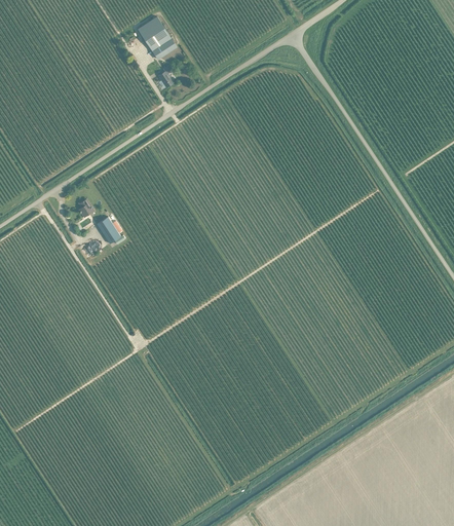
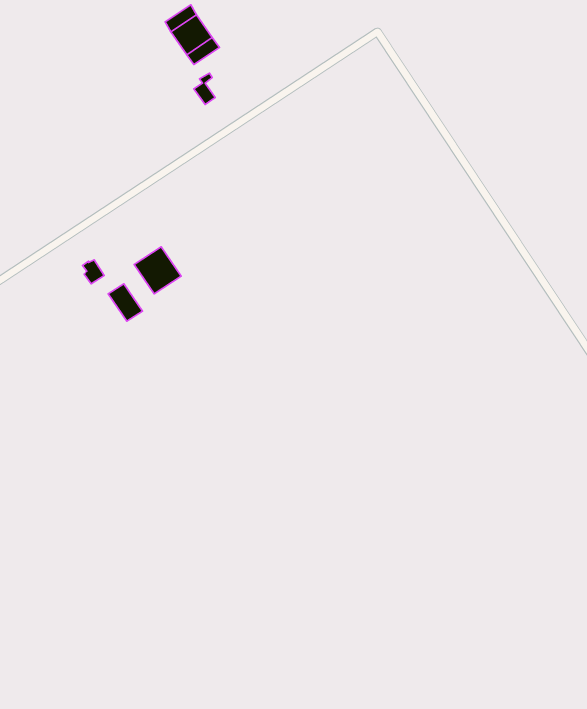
building: none -> [134,247,181,294]

